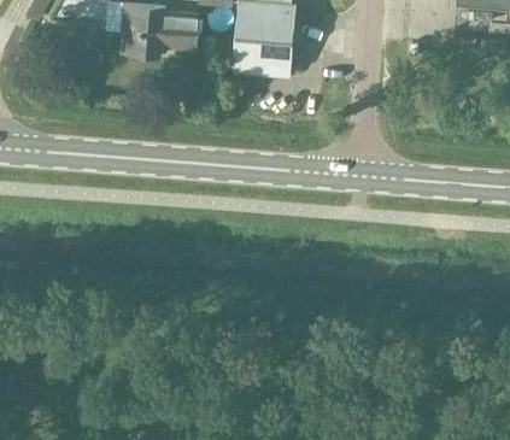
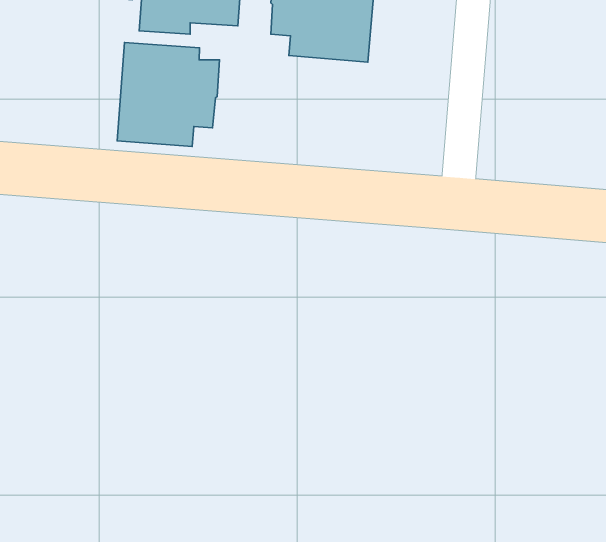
building: none -> [117,42,220,146]

